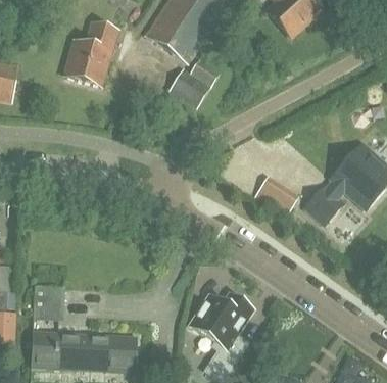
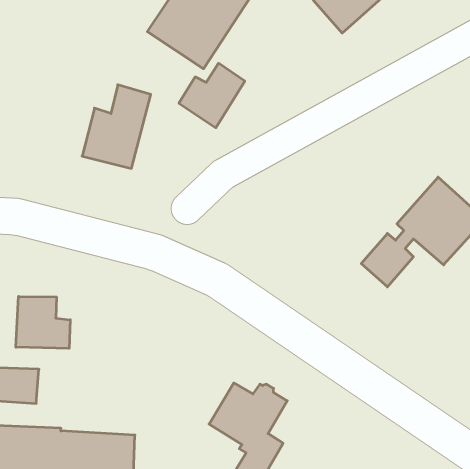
building: [65,22,116,85] -> [82,85,151,168]
building: [255,175,299,216] -> none
building: none -> [16,296,70,348]

